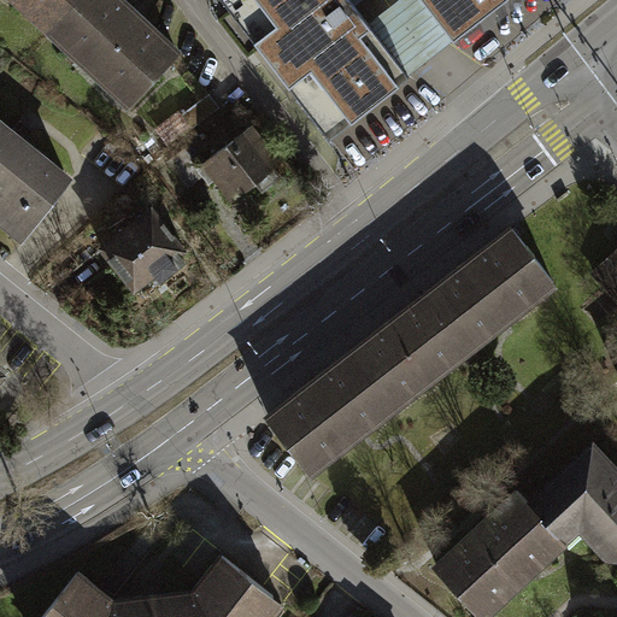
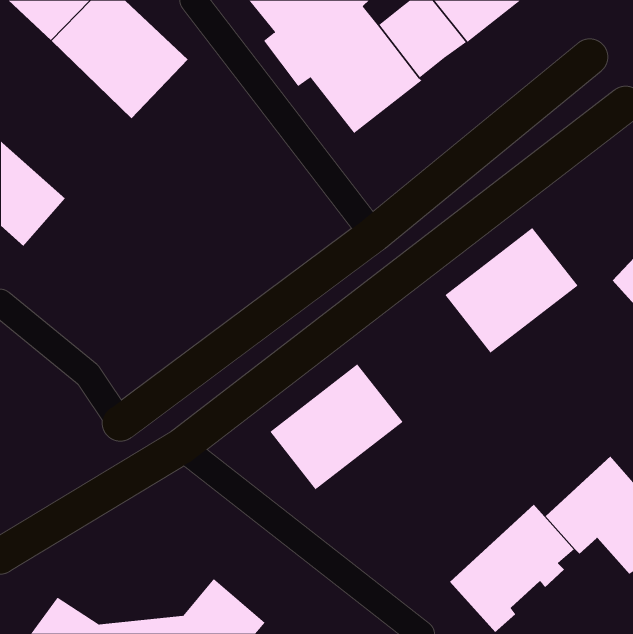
building: [202,131,287,216] -> none
building: [98,217,184,304] -> none
building: [348,287,477,410] -> none

